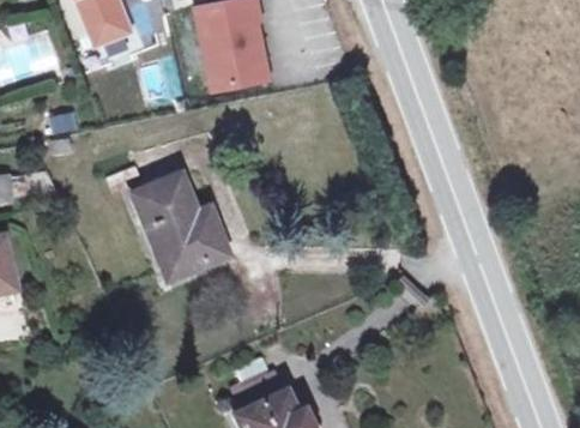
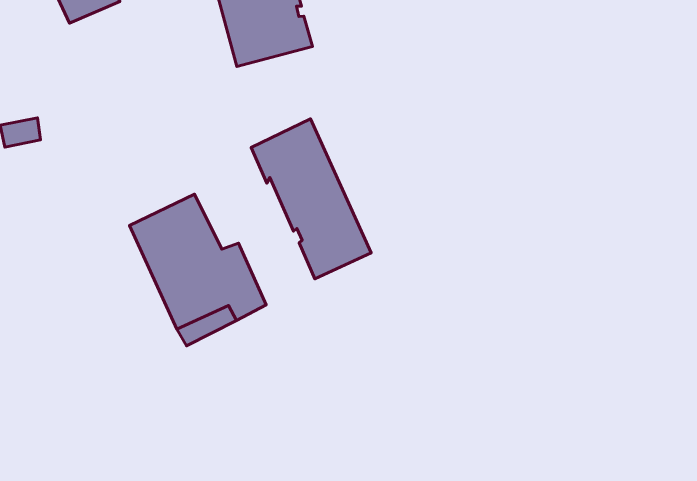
building: none -> [251,119,371,279]

